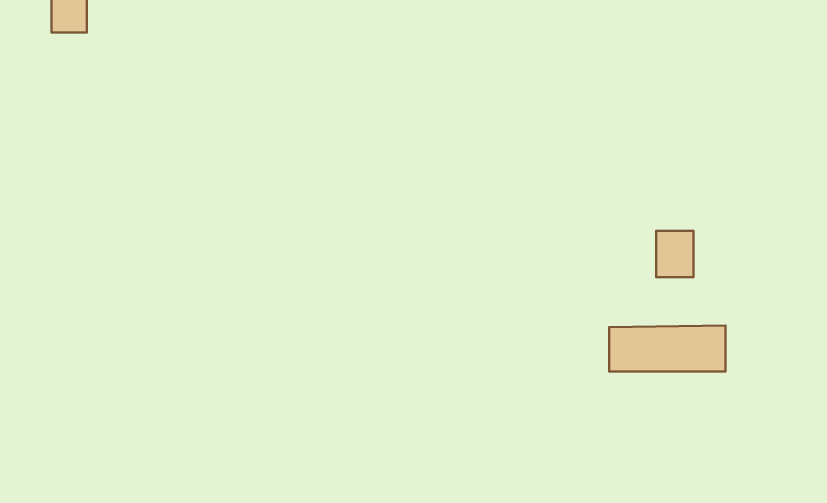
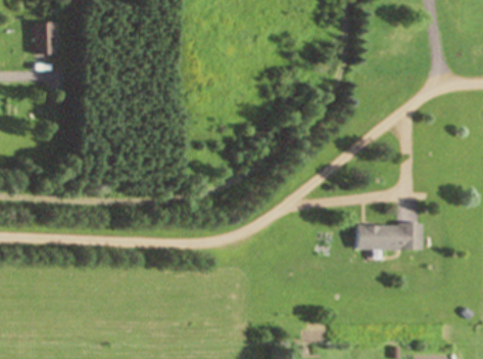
building: [656,231,693,277] -> none

